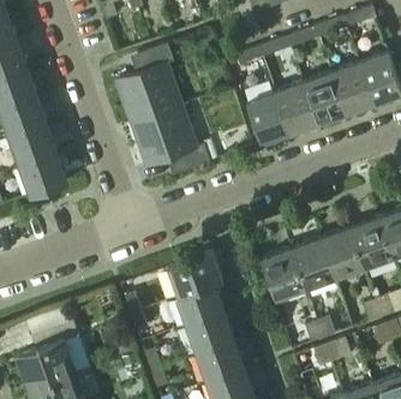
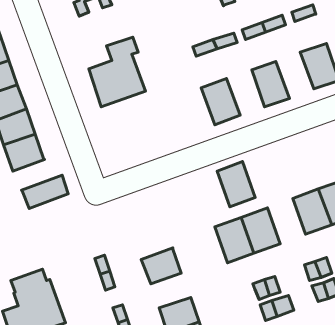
building: [330,61,373,114] -> none
building: [274,82,317,133] -> none
building: [131,106,209,173] -> none
building: none -> [21,175,68,209]
building: [321,228,364,280] -> [217,162,255,207]
building: [167,252,222,298] -> none
building: [187,314,233,353] -> none

